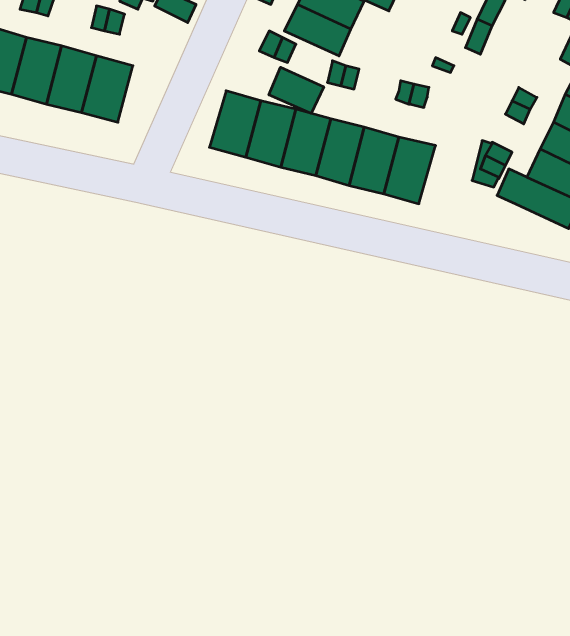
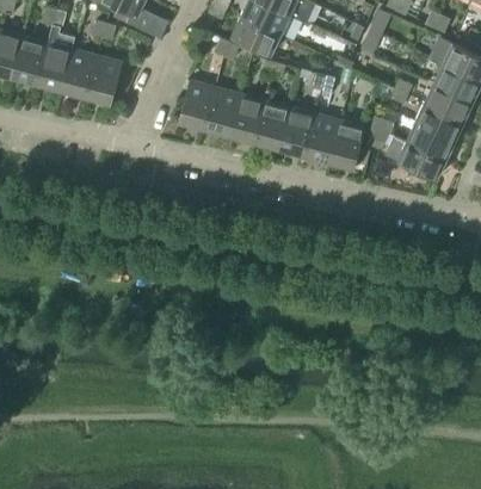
building: [269,67,324,113] -> none
building: none -> [328,120,370,169]

